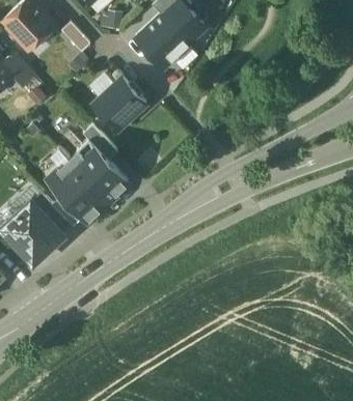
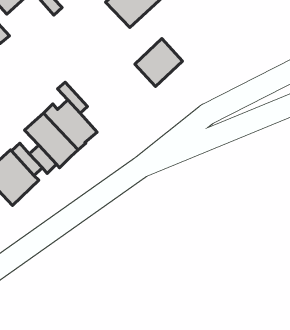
building: [92,79,145,132] -> [135,39,183,87]

